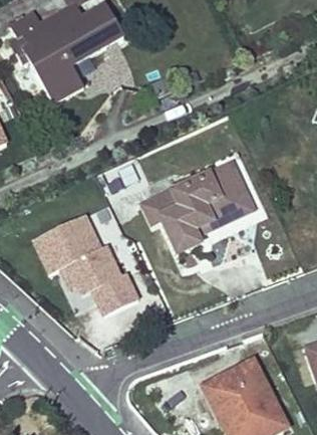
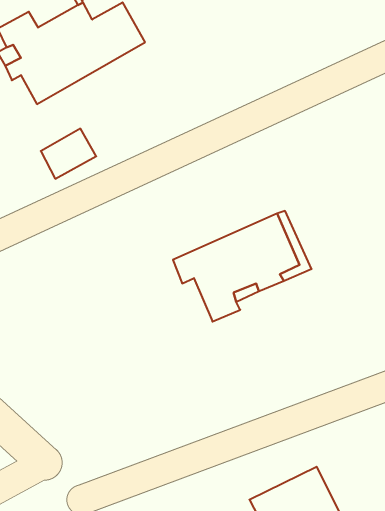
building: [40,66,82,104] -> [41,129,96,179]
building: [31,213,141,316] -> none

